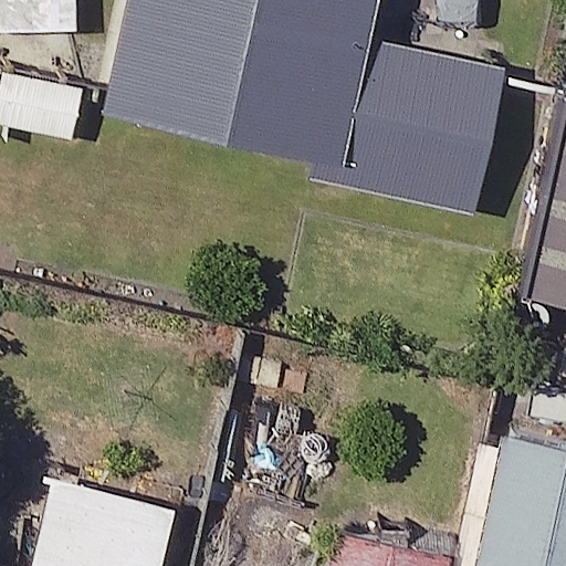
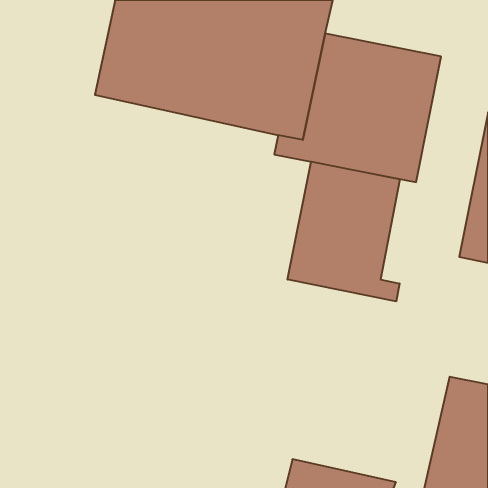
building: none -> [288,162,400,301]

